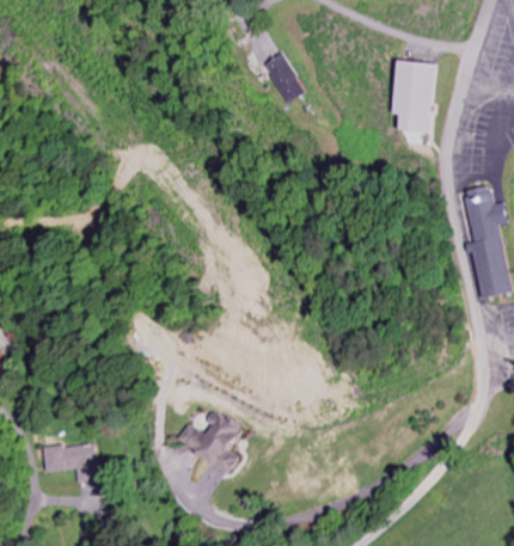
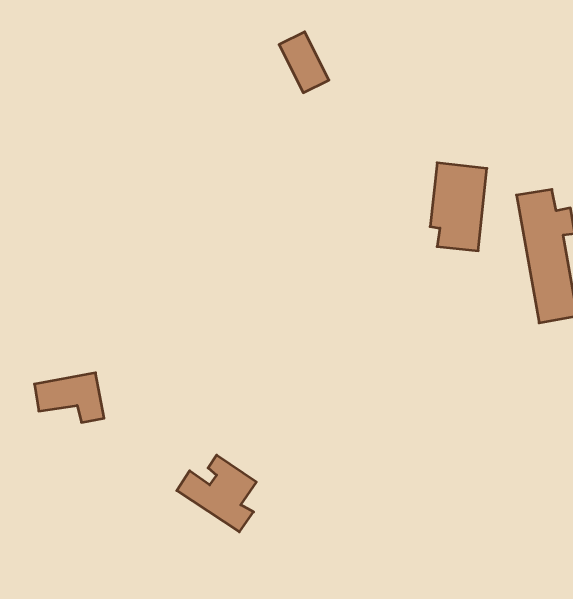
building: [391,60,439,134] -> [430,163,487,251]
building: [35,441,93,483] -> [34,373,104,422]

